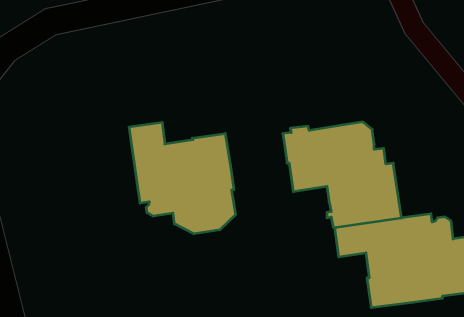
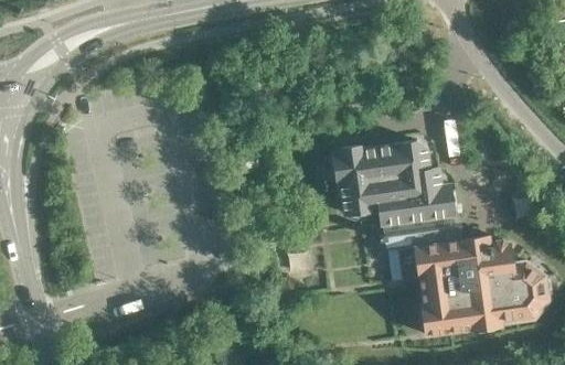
building: [129,122,235,234] -> none

